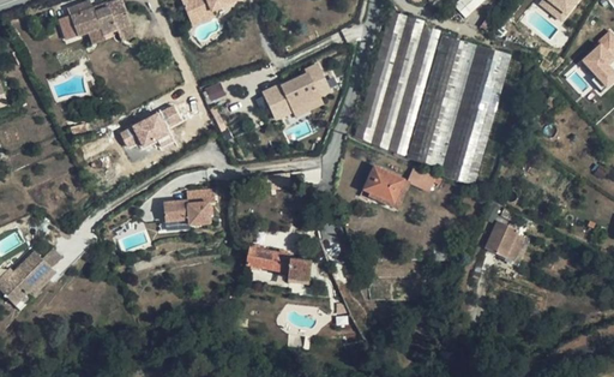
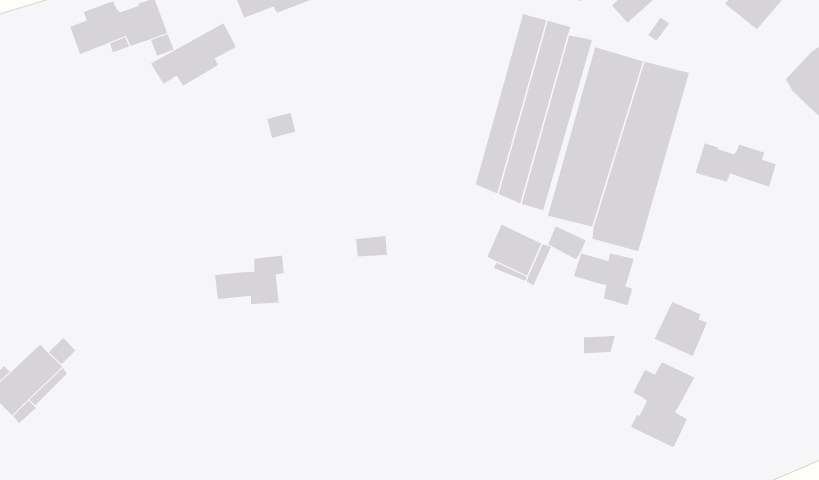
building: [263,62,331,116] -> none
building: [119,103,182,150] -> [150,22,237,86]
building: none -> [695,143,777,188]
building: none -> [573,252,635,306]
building: [247,246,312,281] -> none
building: none -> [630,361,695,448]

